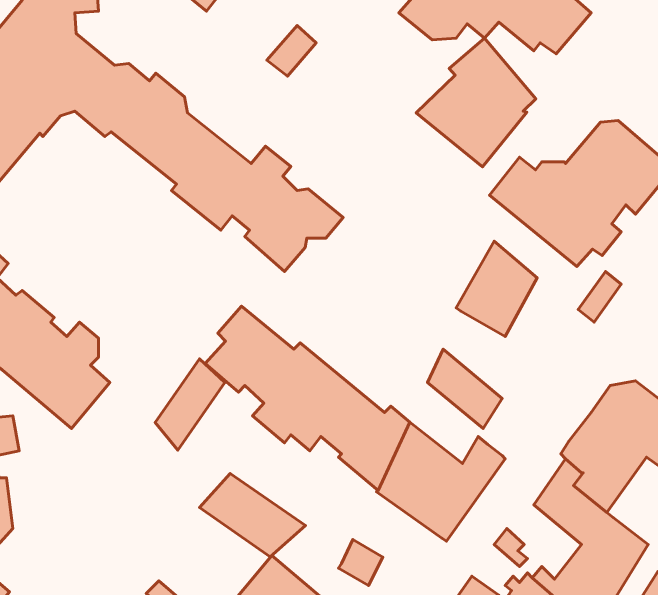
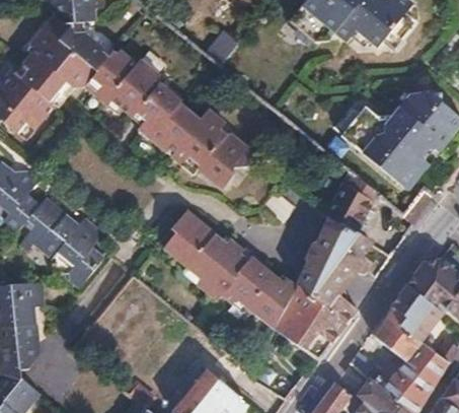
building: [416,38,536,167] -> none
building: none -> [317,213,371,271]
building: [155,359,225,450] -> none
building: none -> [296,259,347,311]
building: [200,473,305,557] -> none

